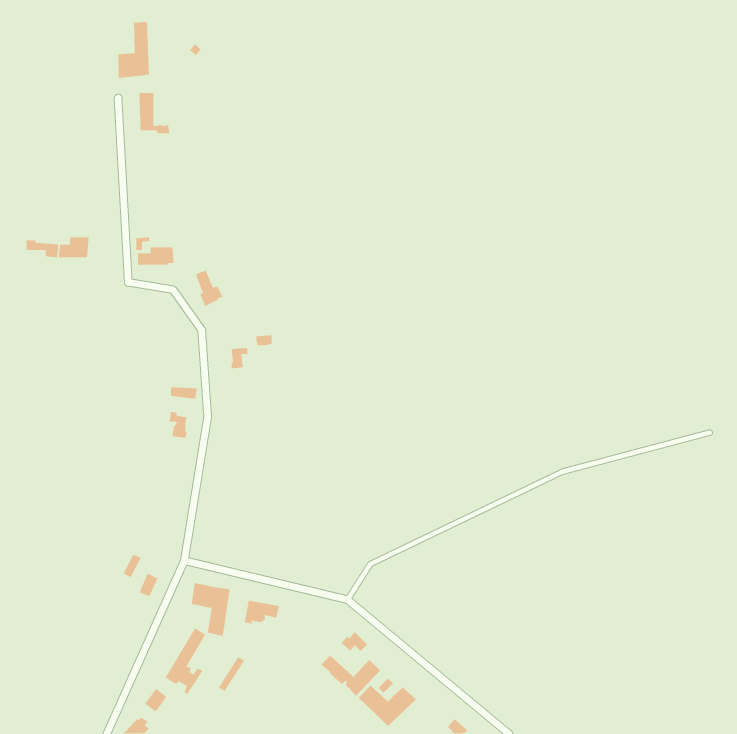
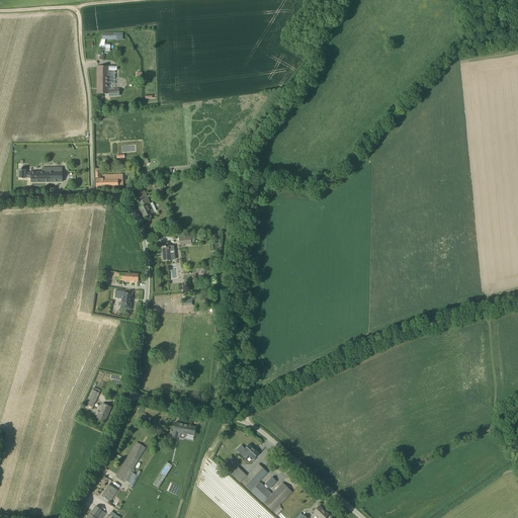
building: [117,21,150,79] -> none
building: [191,582,231,637] -> none

